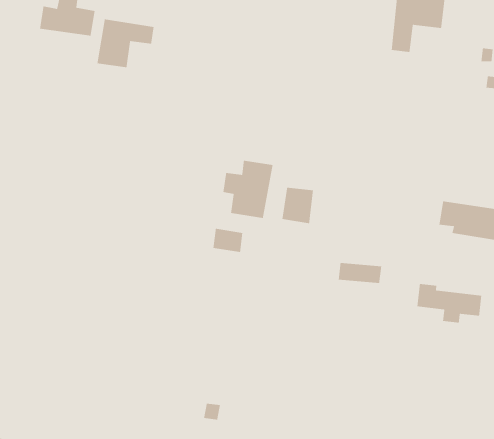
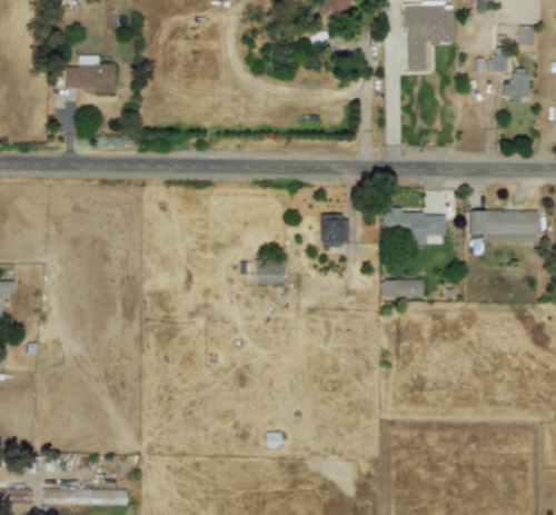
building: [97,19,154,68] -> none
building: [223,160,274,219] -> none
building: [416,283,482,323] -> [384,209,446,244]

